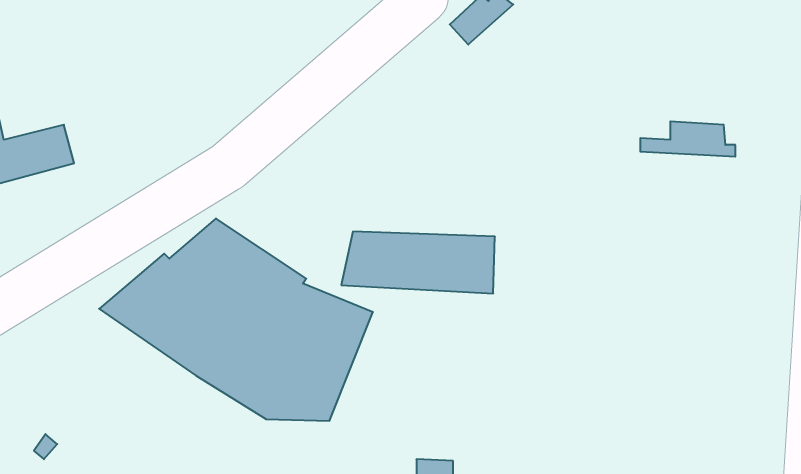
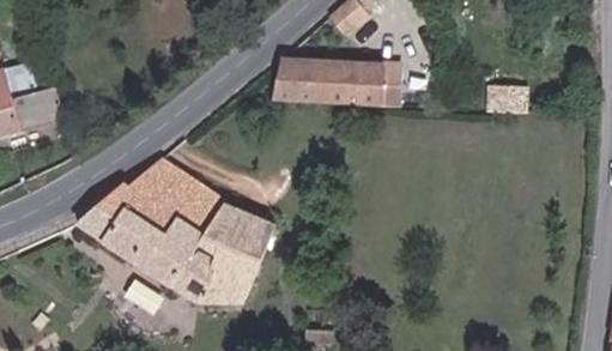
building: [341,232,495,293] -> [272,61,382,105]

